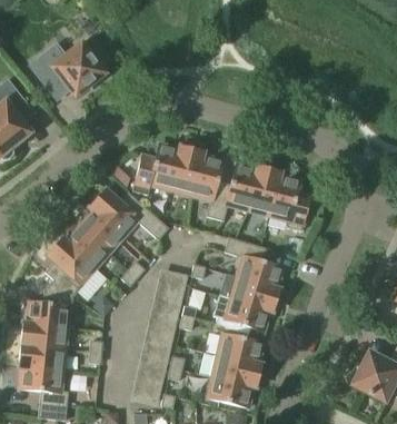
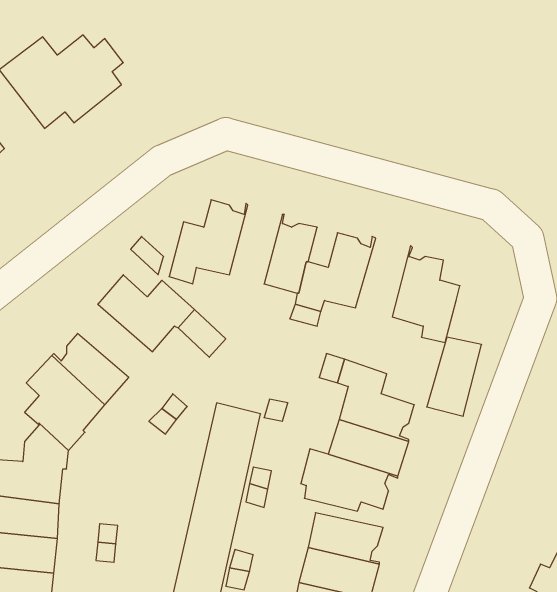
building: [170,146,202,194] -> none
building: [247,166,280,214] -> [427,337,482,416]
building: [78,206,123,250] -> none

